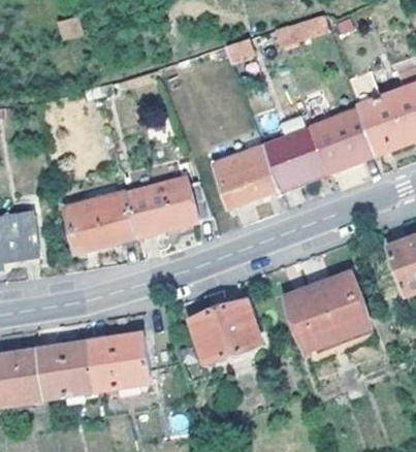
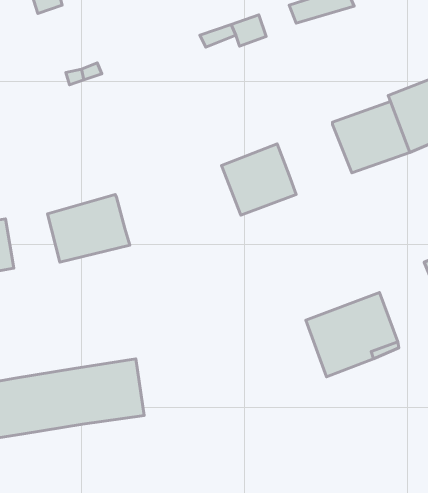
building: [262,131,326,191] -> none
building: [125,174,210,234] -> none
building: [190,299,260,361] -> none

